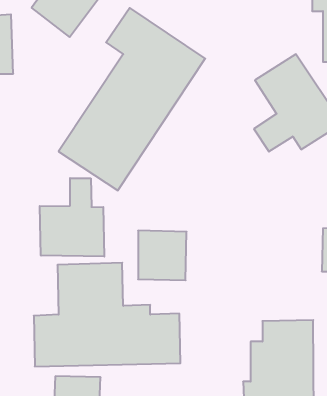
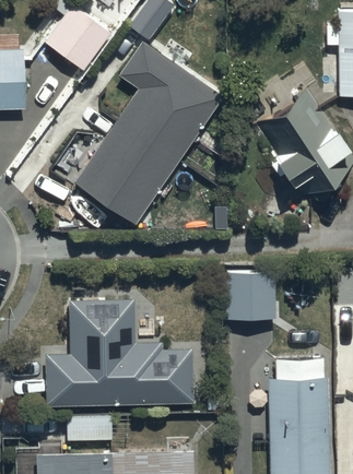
building: [40,178,104,257] -> none
building: [138,231,187,280] -> [226,270,275,320]

